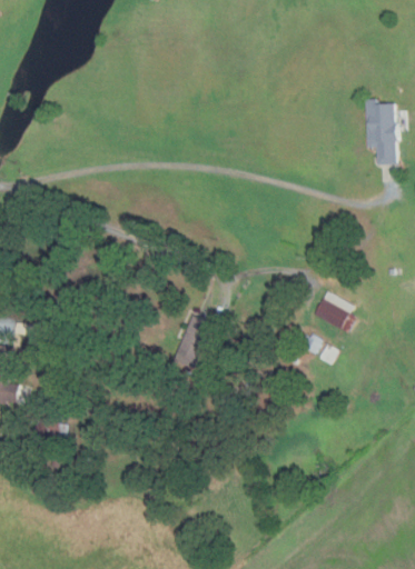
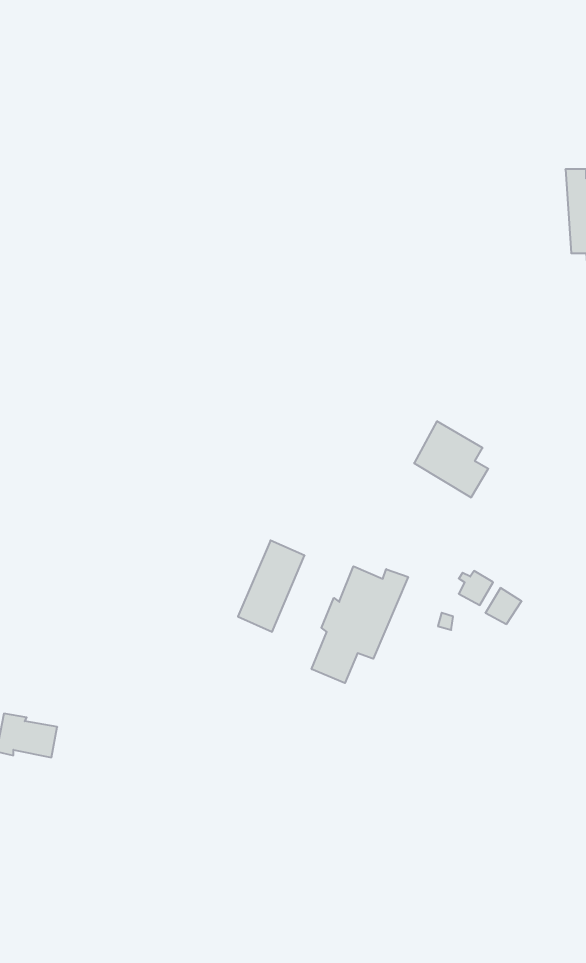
building: [314,290,357,335] -> [414,421,488,497]
building: none -> [312,566,408,683]

